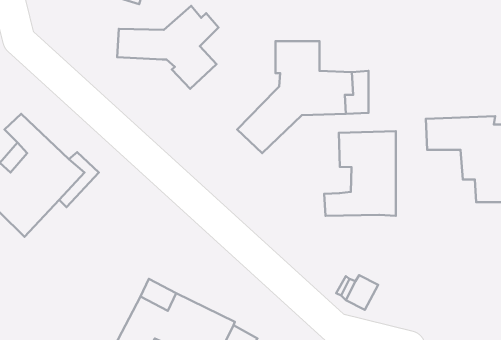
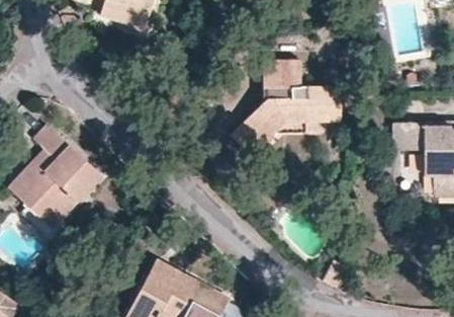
building: [117,6,218,89] -> none
building: [324,131,396,216] -> none

